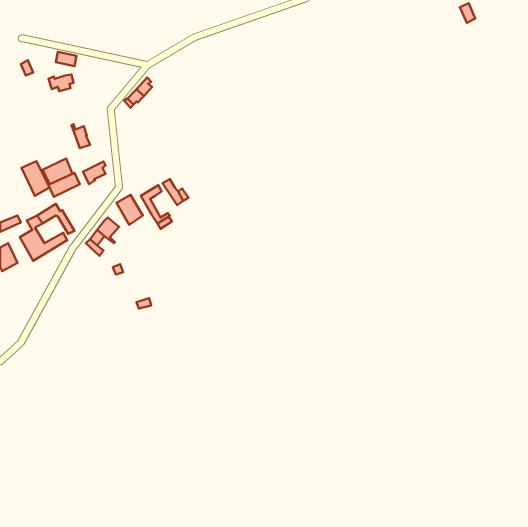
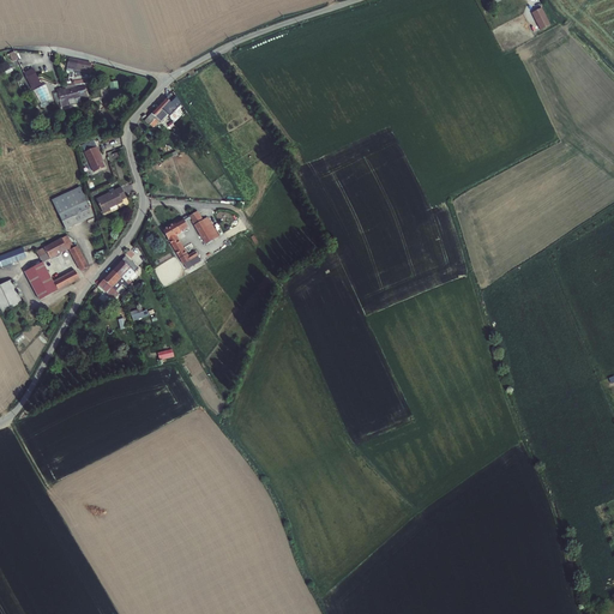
building: [22,161,50,196] -> none
building: [116,195,143,225] -> none

